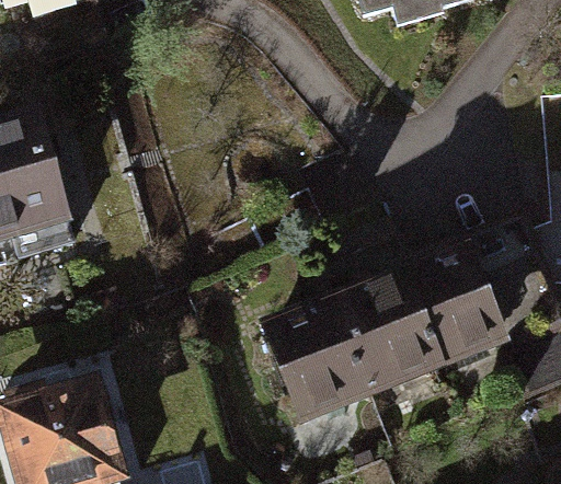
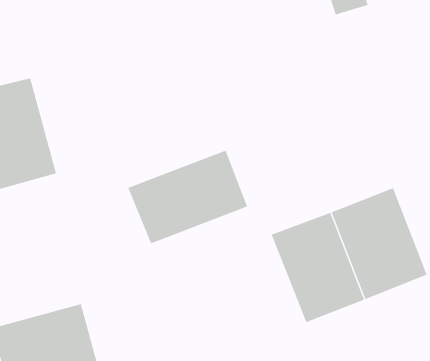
building: none -> [128,150,248,244]
building: [262,296,368,426] -> none

